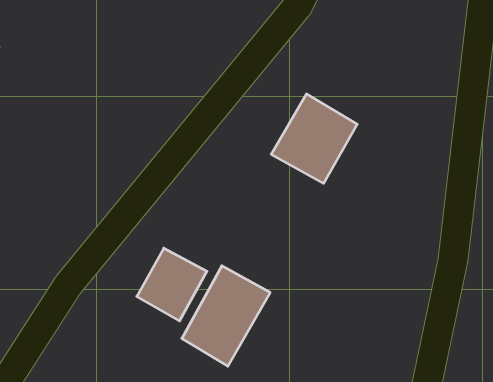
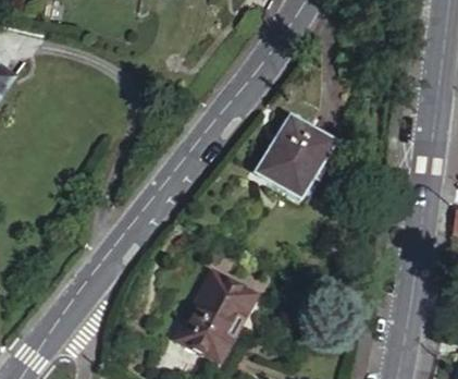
building: [137,248,207,321] -> none

